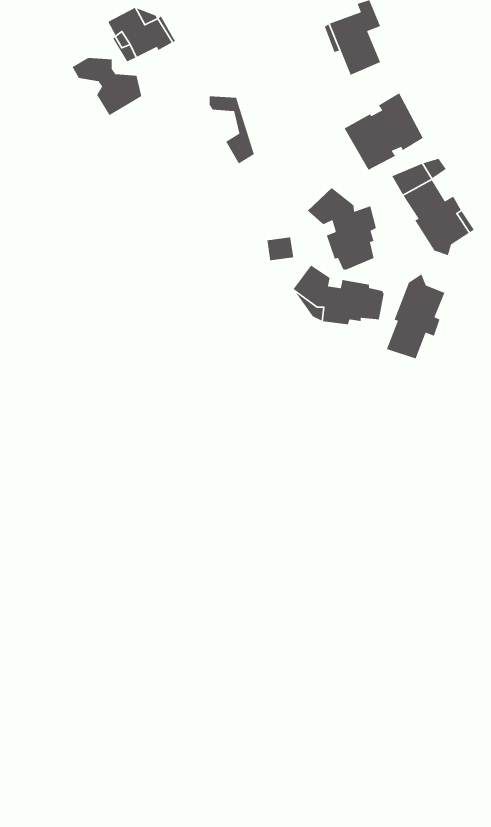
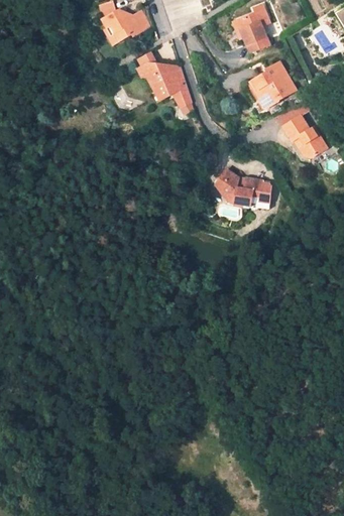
building: [71,57,142,116] -> [137,62,181,99]
building: [307,187,377,271] -> none
building: [386,273,445,360] -> none

